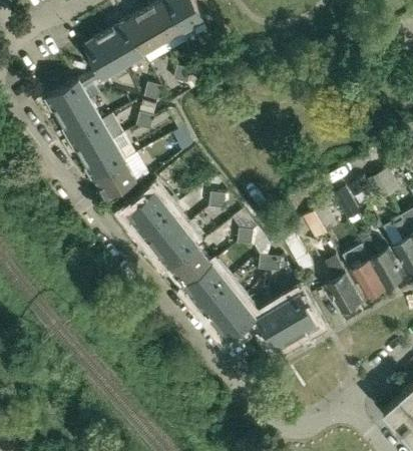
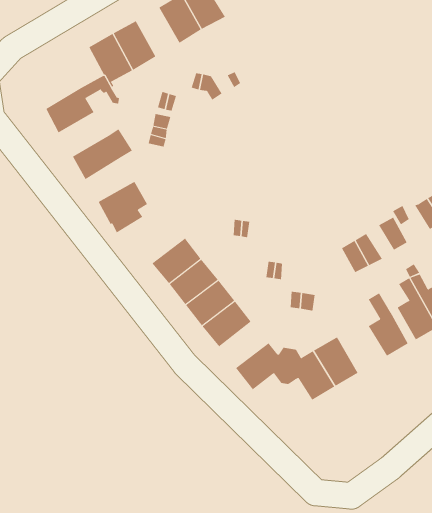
building: [126,10,163,52] -> none
building: [59,100,102,138] -> none
building: [82,139,131,177] -> none
building: [126,178,180,231] -> none
building: [197,281,241,321] -> none

